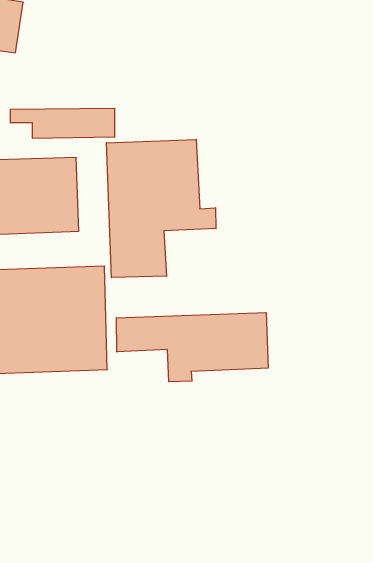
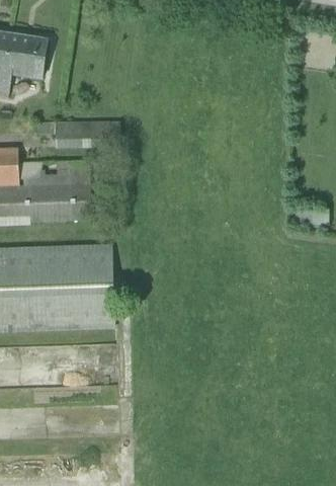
building: [106,139,216,278] -> none
building: [116,313,268,382] -> none

